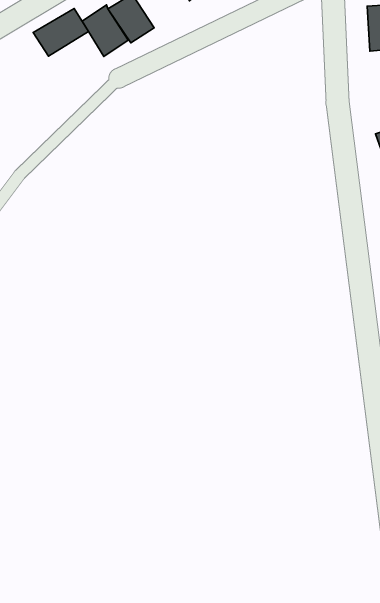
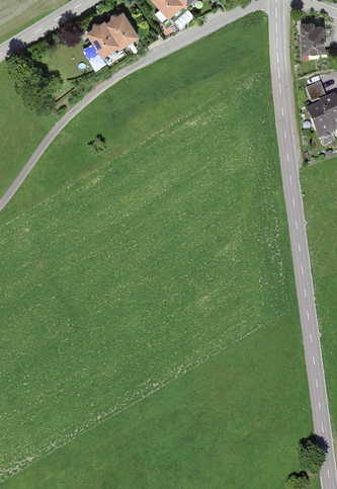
building: [33,8,88,56] -> none

